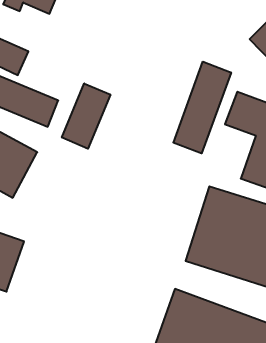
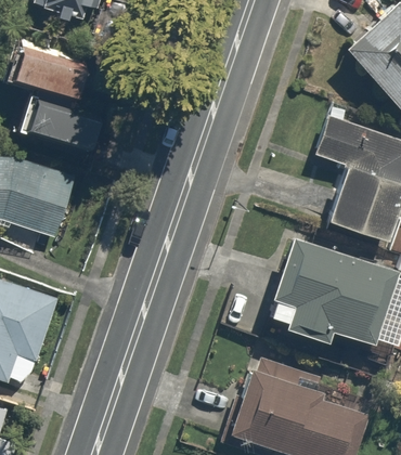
building: [173,62,231,153] -> none
building: [62,83,110,149] -> none

